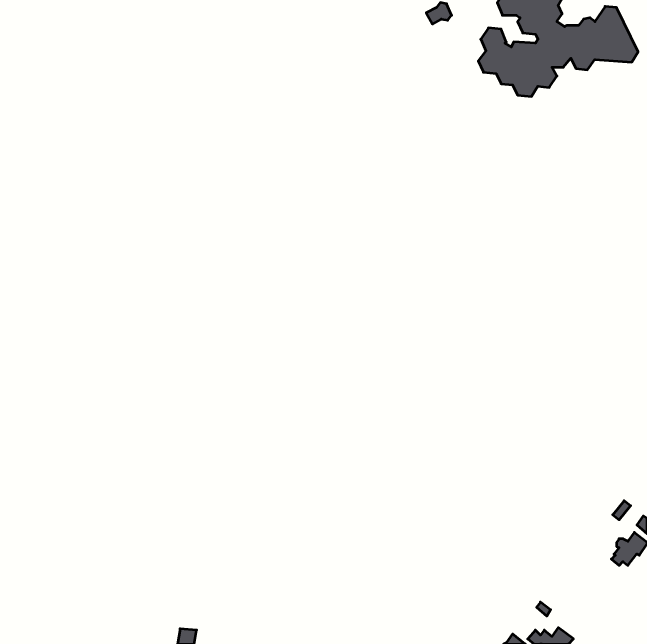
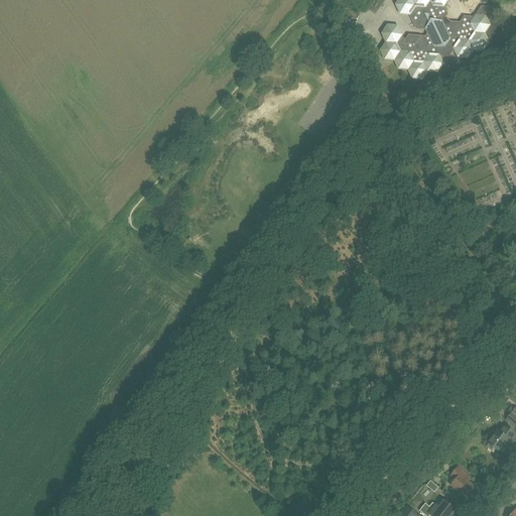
building: none -> [450,465,474,496]

